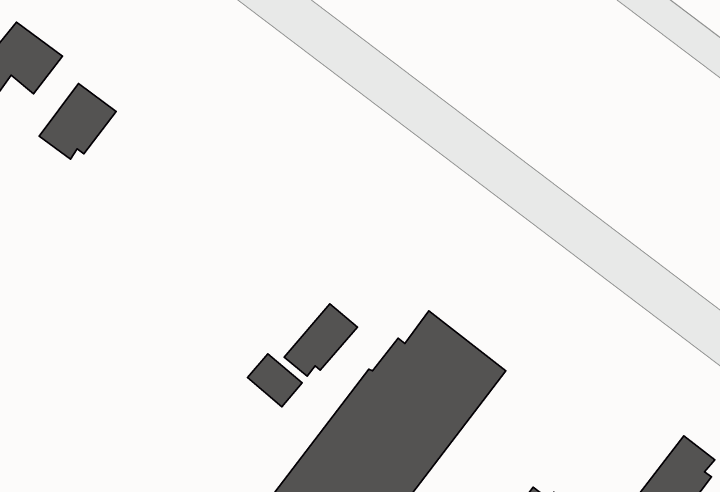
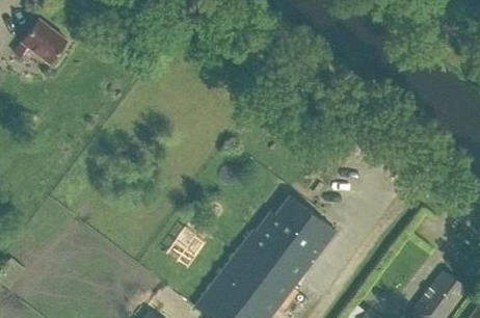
building: [39,84,116,159] -> none
building: [284,304,358,376] -> none

